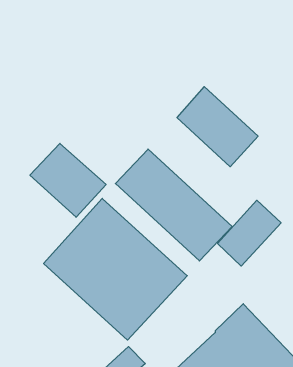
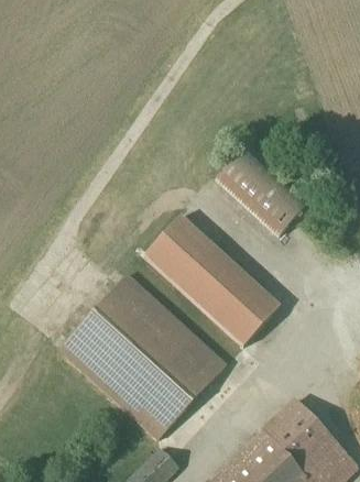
building: [30,143,106,217] -> none
building: [218,200,281,266] -> none

